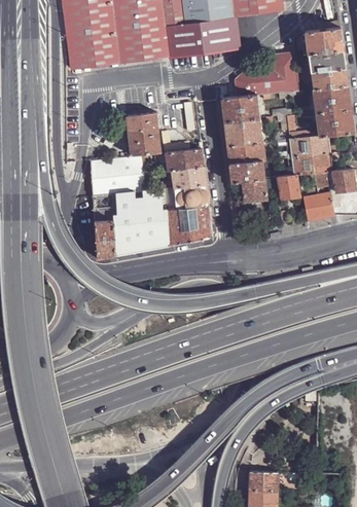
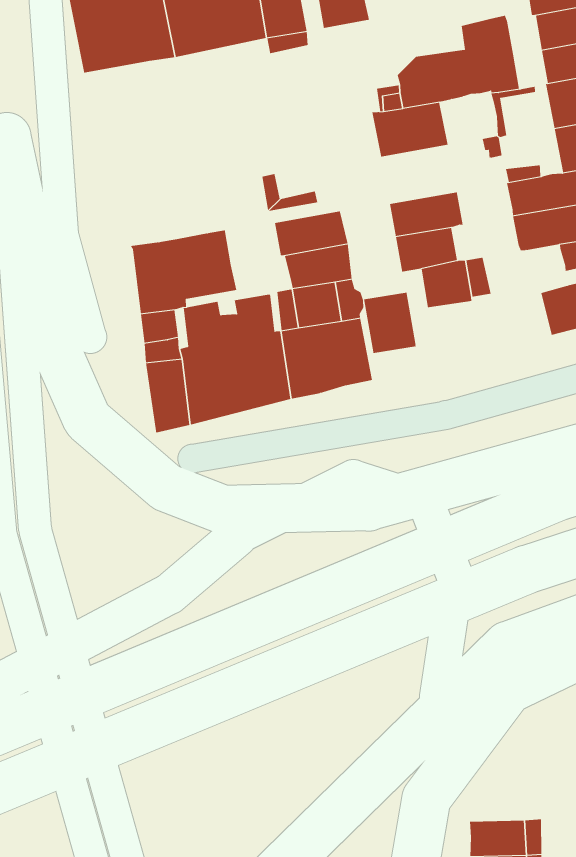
building: [127,112,160,156] -> none
building: [224,118,263,147] -> none
building: [278,176,300,198] -> none
building: none -> [364,292,417,354]

